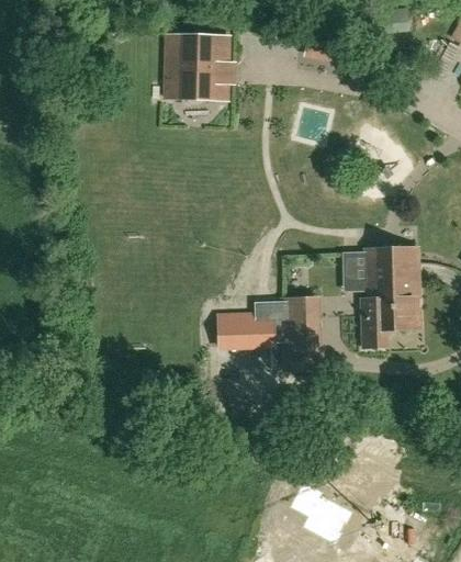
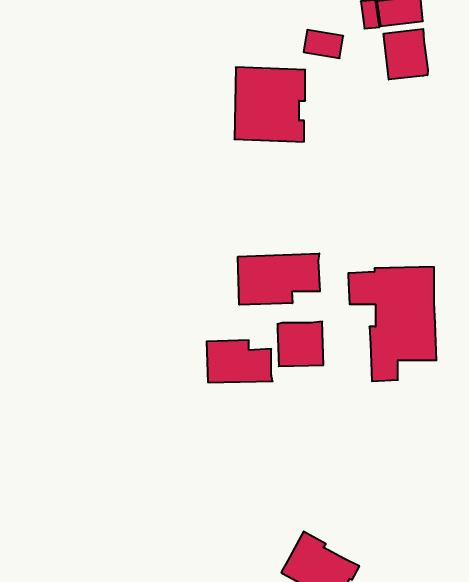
building: [165,34,227,100] -> [234,67,305,142]
building: none -> [384,29,428,80]
building: none -> [238,253,320,305]

